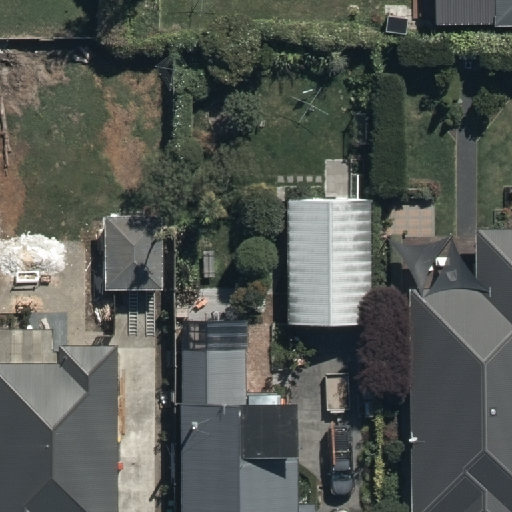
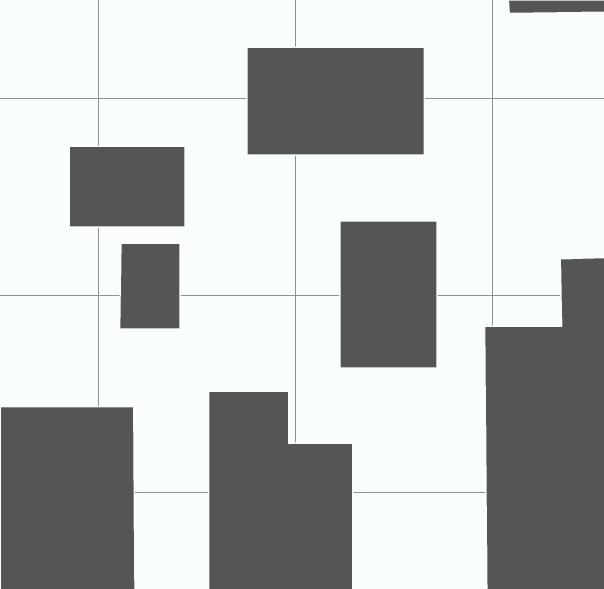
building: none -> [247,47,424,155]
building: none -> [69,146,185,227]

